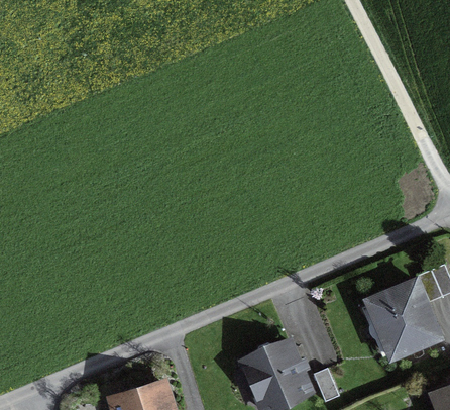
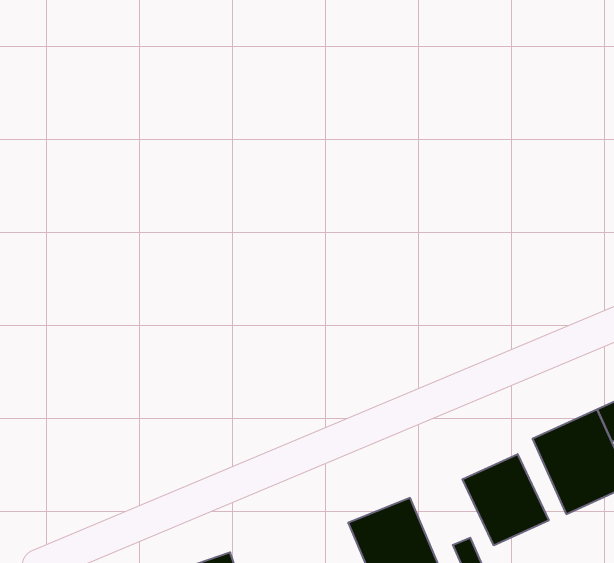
building: none -> [463,454,549,545]

